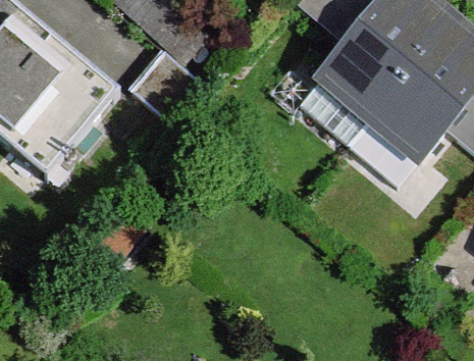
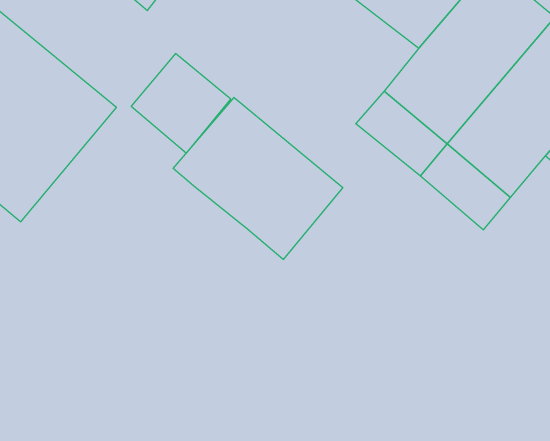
building: none -> [173,97,343,259]

